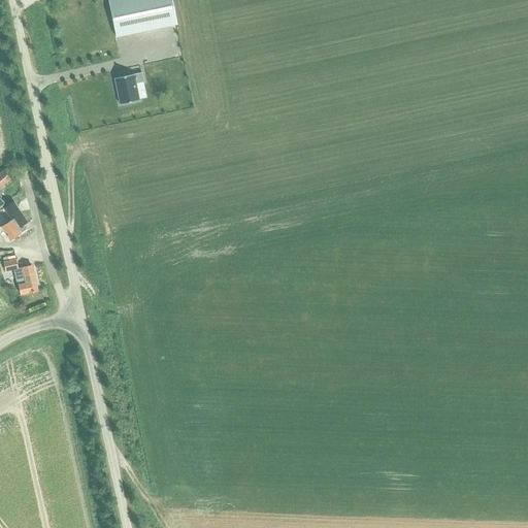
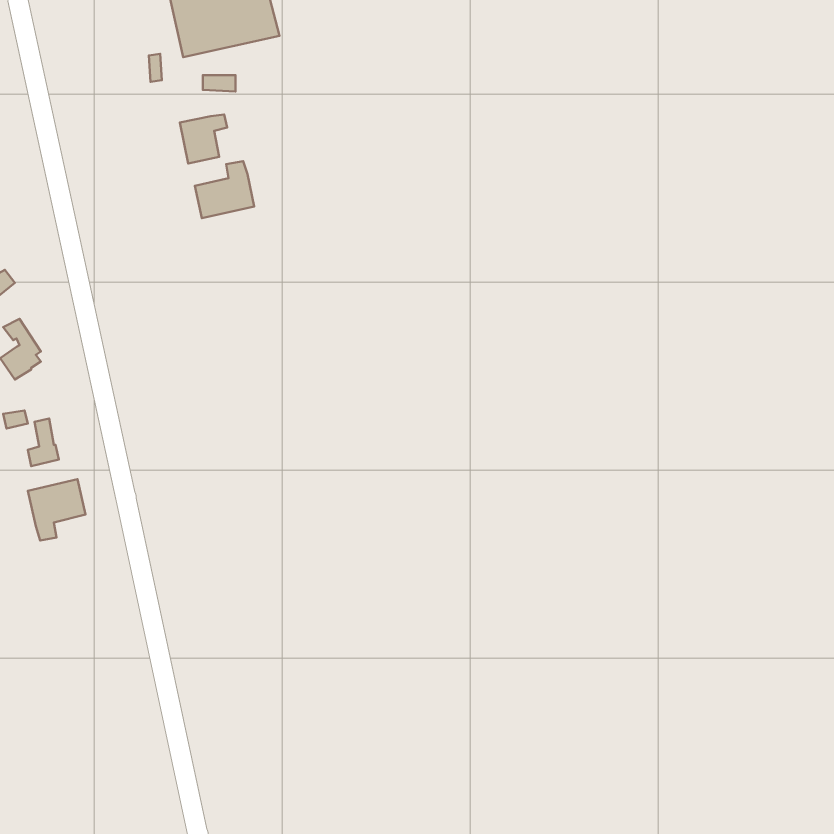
building: none -> [195,161,254,218]
building: none -> [28,479,85,541]

